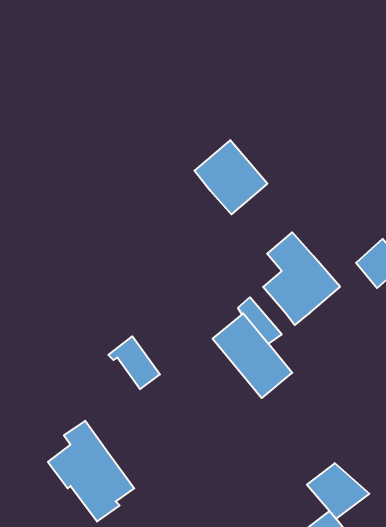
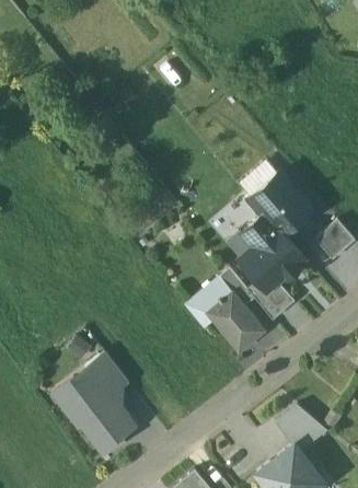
building: [194,140,267,214] -> [251,172,311,233]
building: none -> [249,280,296,319]
building: [108,336,160,389] -> [85,351,128,395]

